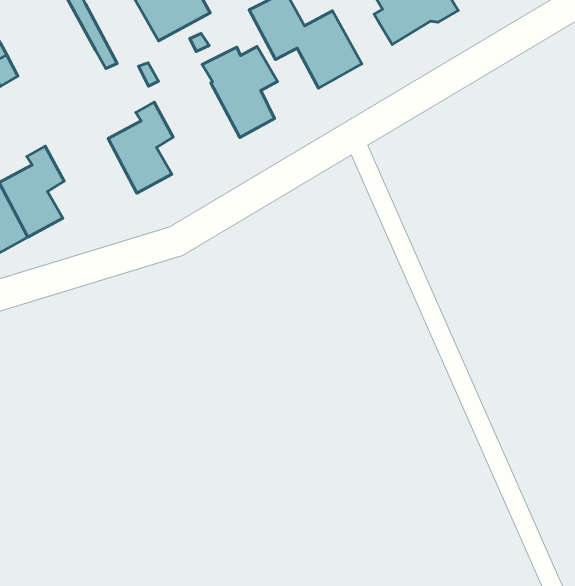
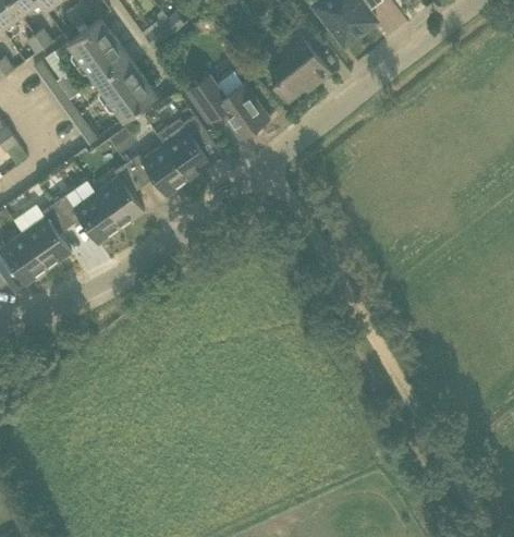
building: none -> [125,144,188,196]
building: none -> [52,192,121,244]

